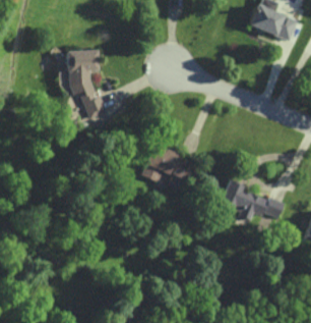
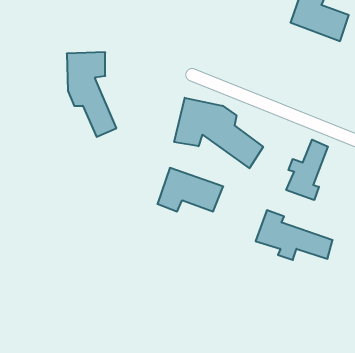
building: none -> [174,98,263,168]
building: none -> [286,140,328,200]

